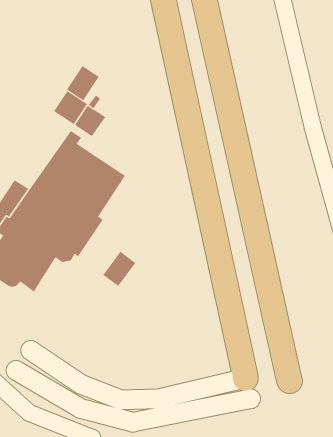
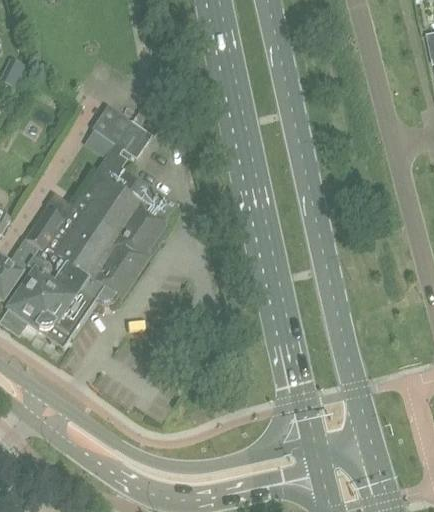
building: [66,65,100,101] -> none
building: [103,251,137,287] -> none

